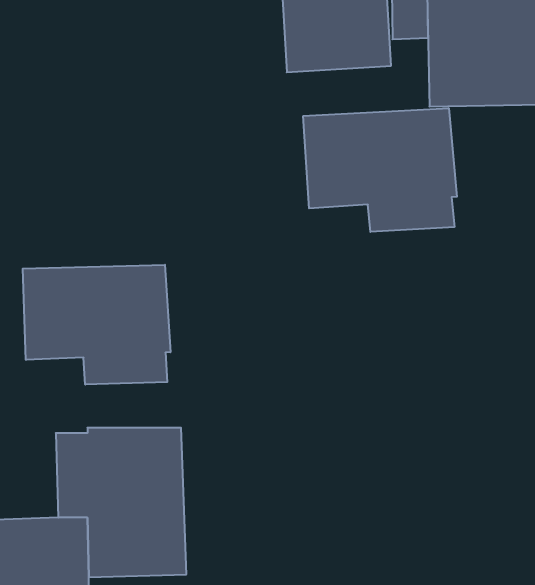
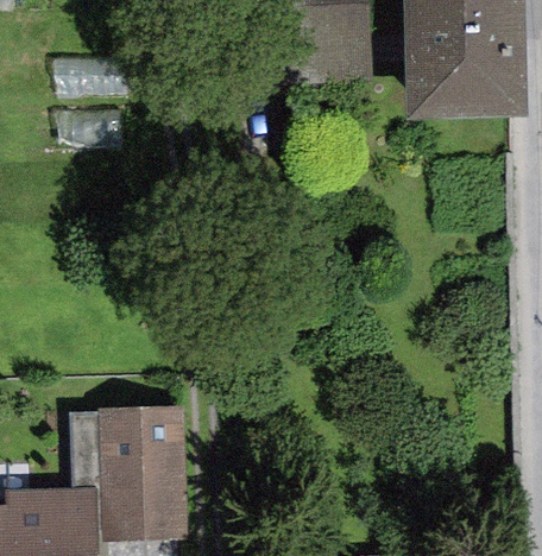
building: [303,108,457,232] -> none
building: [23,265,170,385] -> none

